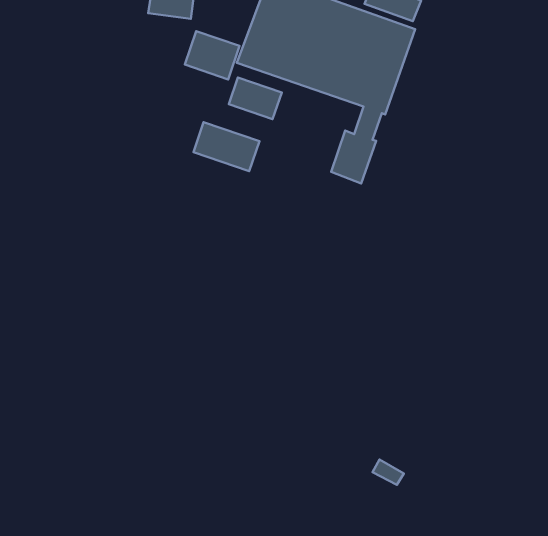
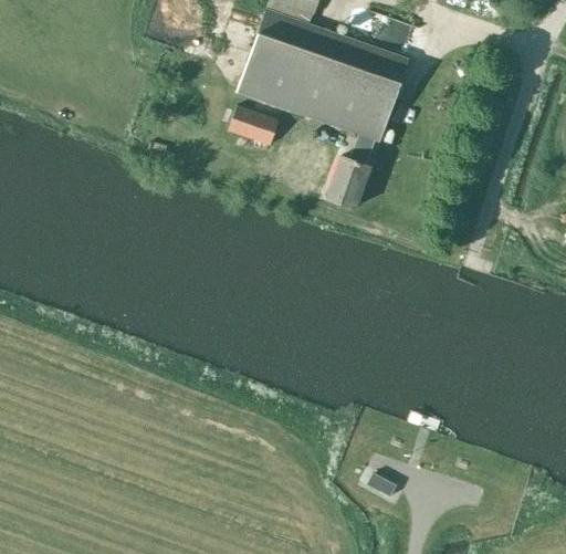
building: [185,31,240,79] -> none
building: [193,122,259,171] -> none

